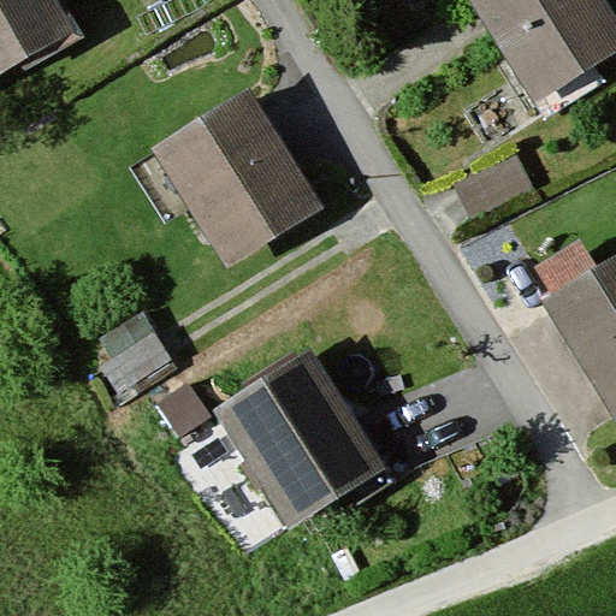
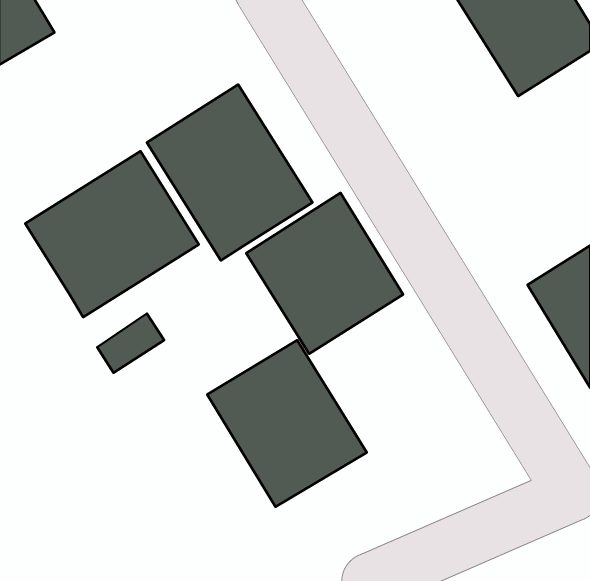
building: none -> [25,151,199,317]
building: none -> [246,193,403,354]

